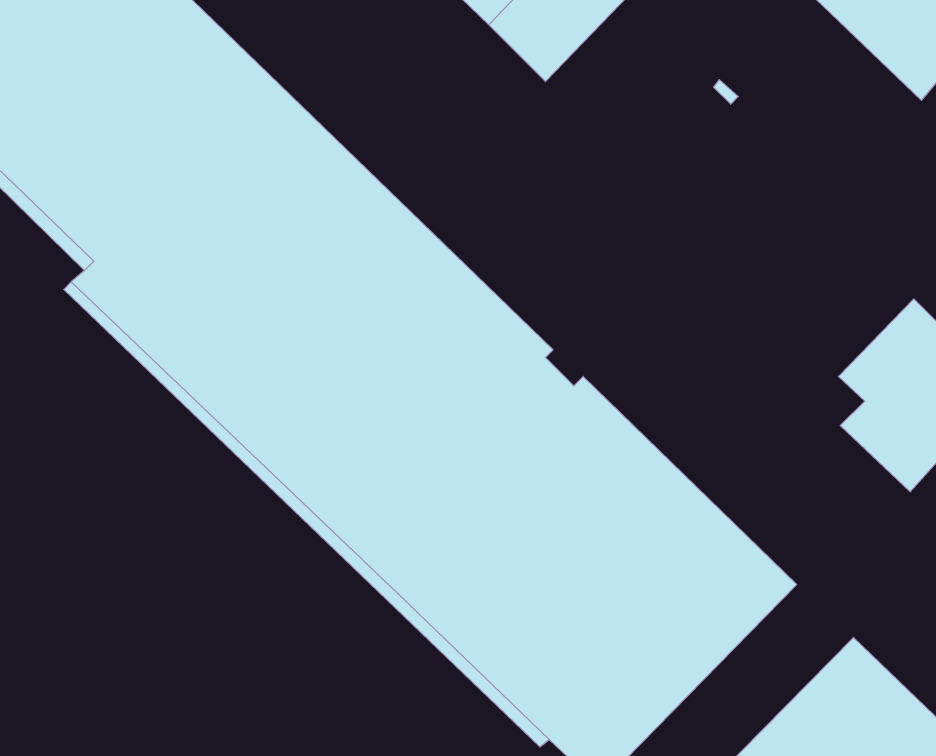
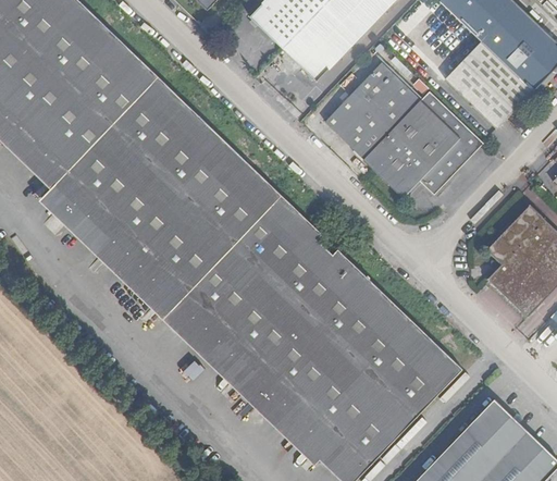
building: none -> [445,41,533,128]
building: none -> [325,63,484,198]

